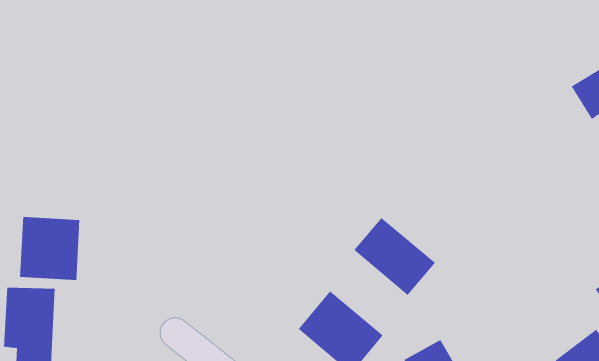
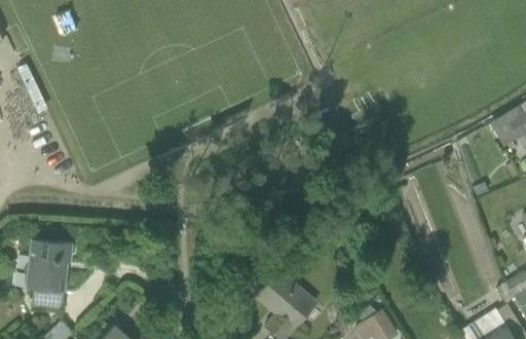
building: [20,216,80,281] -> none
building: [353,217,436,296] -> none

